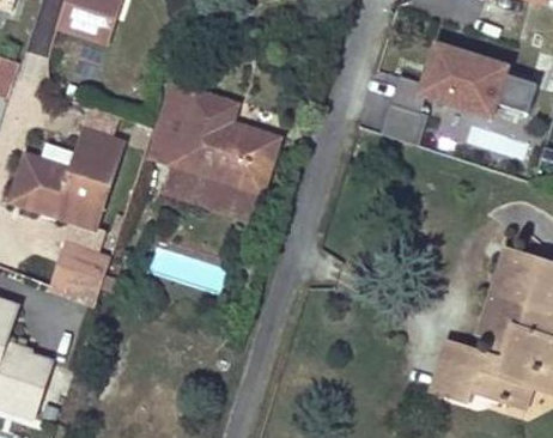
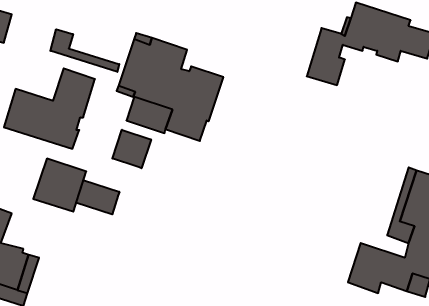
building: none -> [50,29,119,72]
building: none -> [112,130,151,168]
building: none -> [76,180,119,214]

